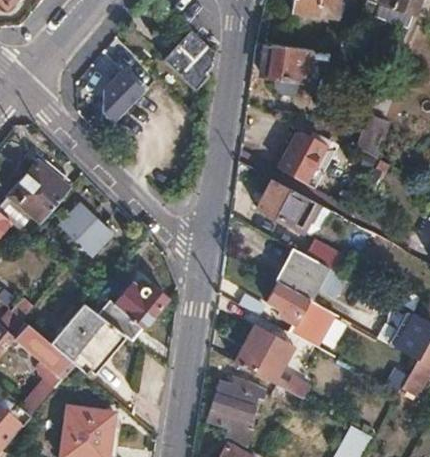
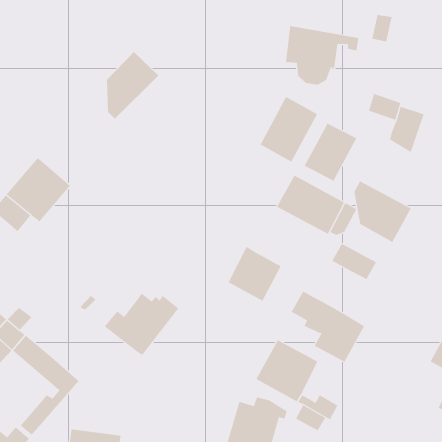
building: [167,30,214,88] -> none
building: none -> [260,96,318,163]
building: none -> [354,181,412,243]
building: [61,203,112,254] -> none
building: [278,249,327,299] -> [227,246,281,302]
building: [52,303,127,374] -> none

